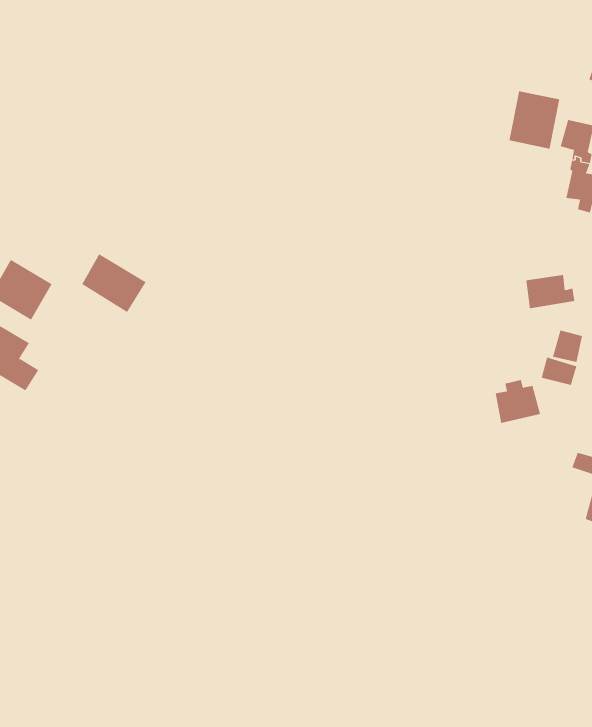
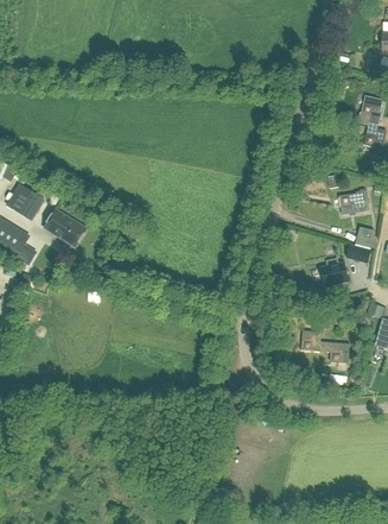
building: [509,90,560,149] -> none
building: [82,253,147,313] -> [43,207,83,244]
building: none -> [301,330,350,362]

